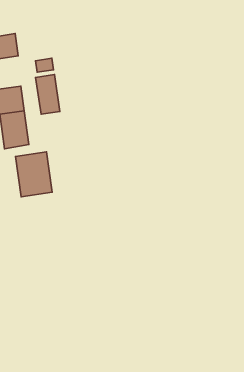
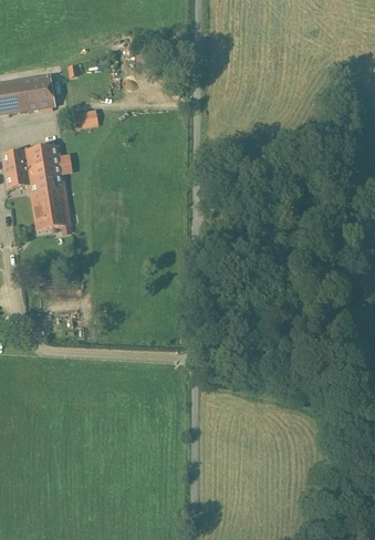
building: [36,75,60,114] -> none
building: [16,152,52,197] -> none

